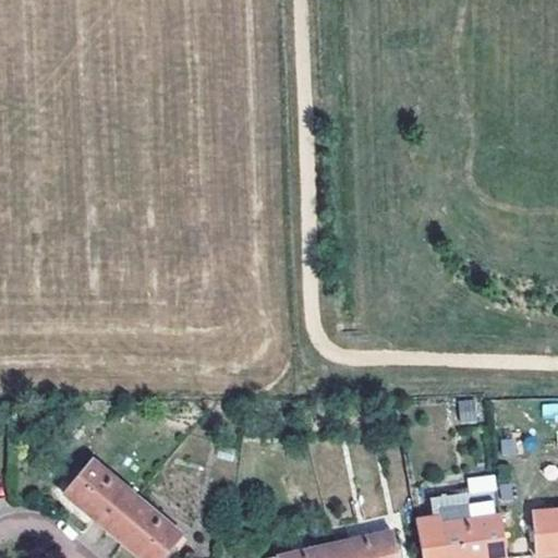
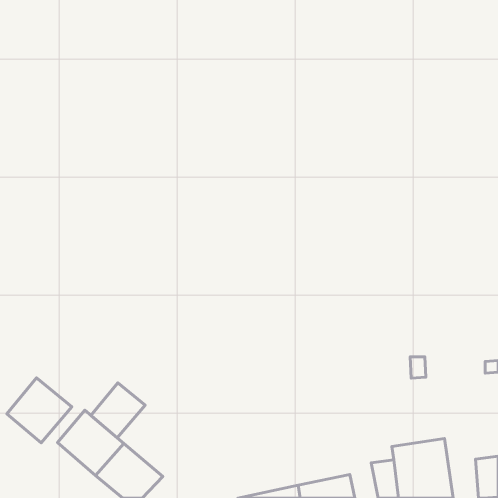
building: none -> [7,378,72,443]
building: none -> [91,383,145,438]

